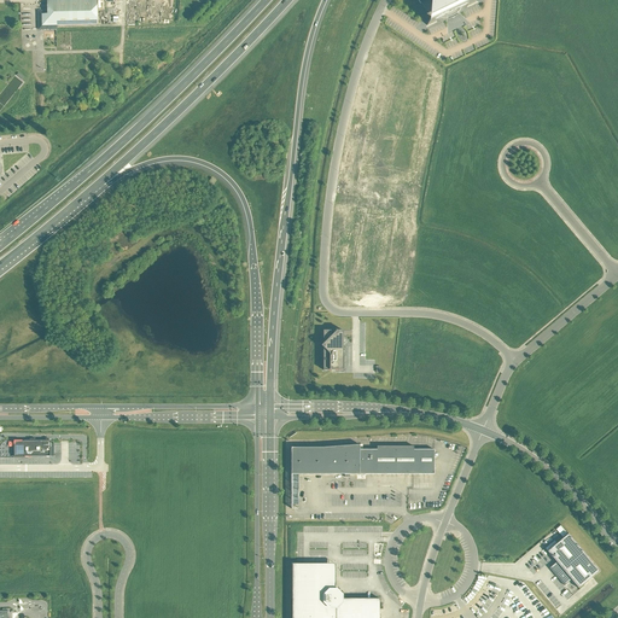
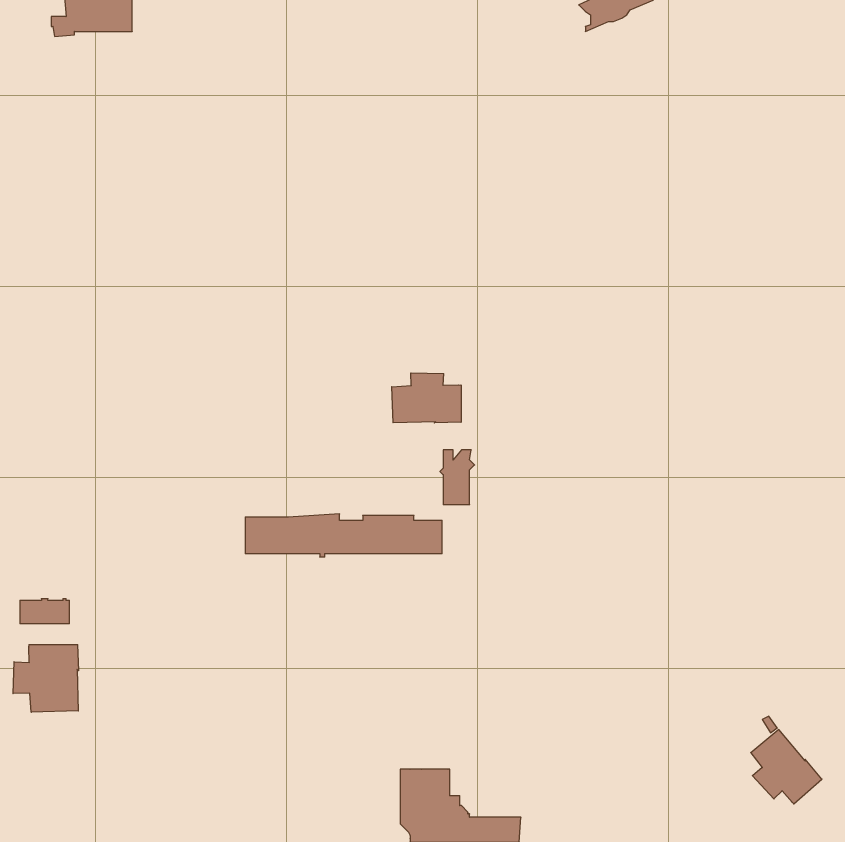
building: none -> [392,373,461,423]
building: [291,443,435,474] -> [245,514,442,557]
building: none -> [13,645,78,712]

